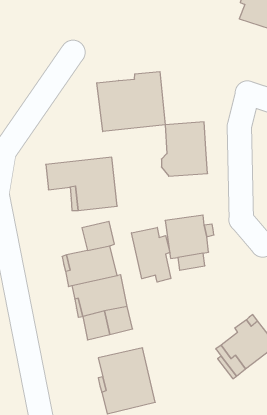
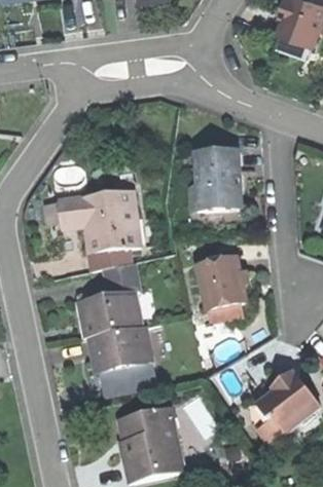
building: [97,72,165,132] -> none
building: [132,227,171,282] -> none

